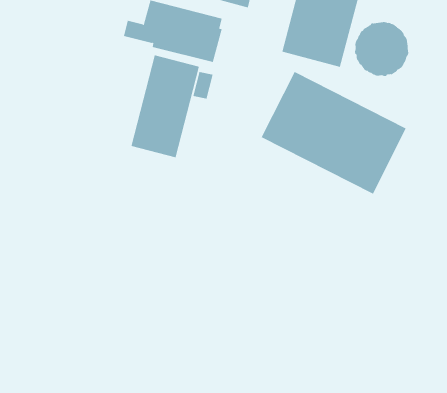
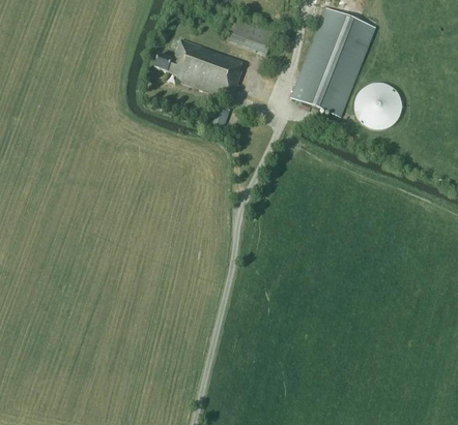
building: [131,55,200,158] -> none
building: [261,71,407,194] -> none

